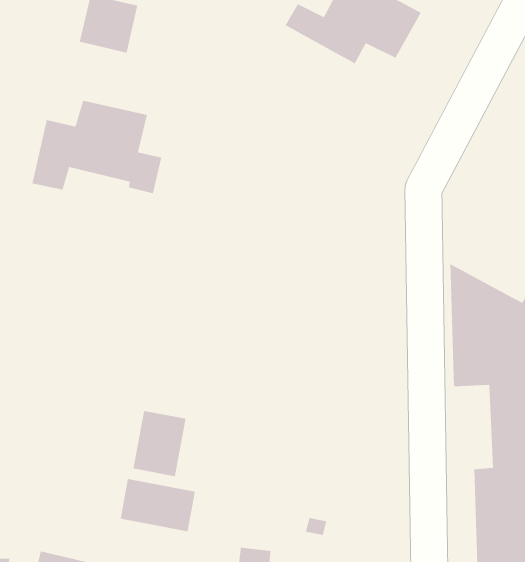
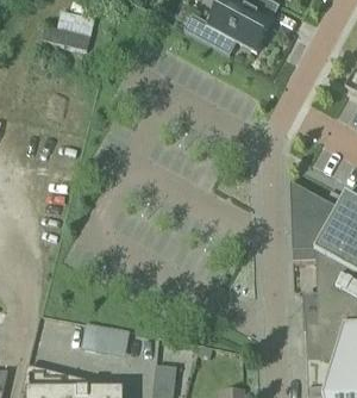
building: [31,100,162,194] -> none
building: [132,410,187,477] -> none

